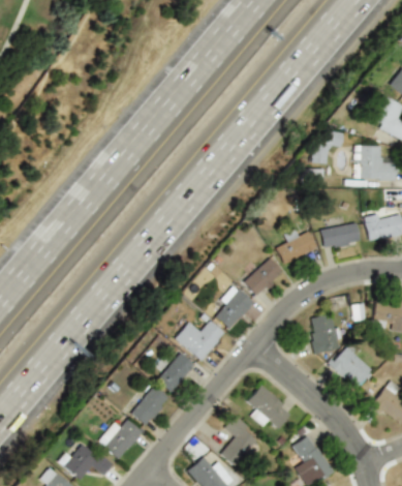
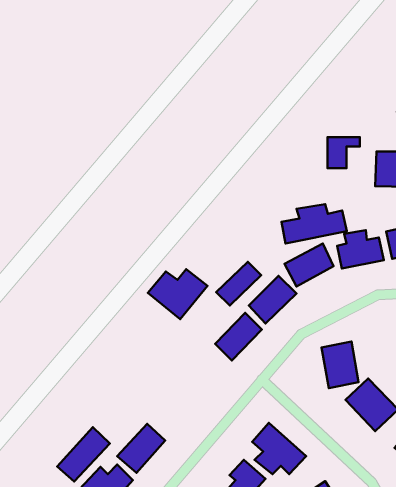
building: none -> [282,204,347,243]
building: none -> [216,262,261,306]
building: [175,318,226,362] -> [148,269,208,319]
building: [156,352,197,394] -> none
building: none -> [57,427,110,481]

